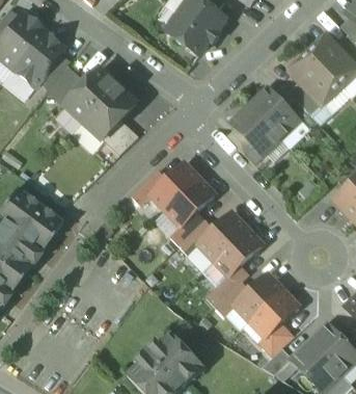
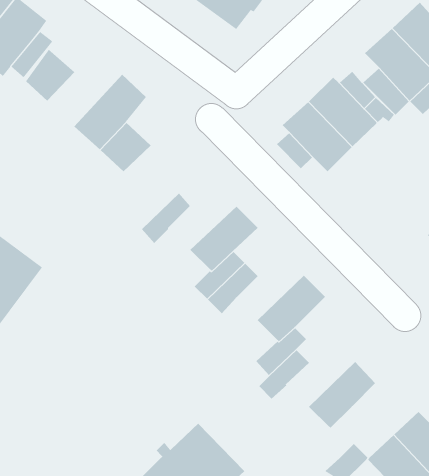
building: [65,69,118,123] -> none
building: [152,162,199,210] -> none
building: [199,212,247,260] -> none
building: [235,273,283,321] -> none
building: [257,321,295,358] -> none

